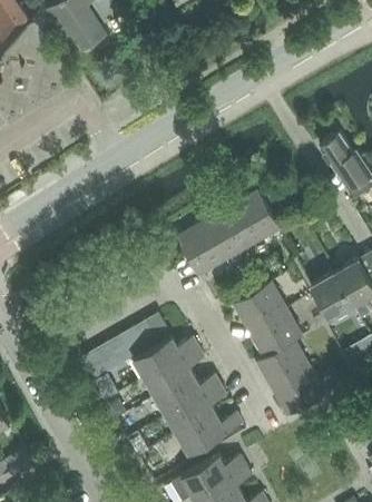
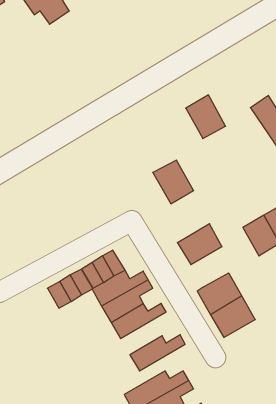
building: [233,193,280,244] -> [186,95,226,139]
building: [178,223,226,275] -> none
building: [249,309,303,357] -> none
building: [167,386,227,436] -> none

